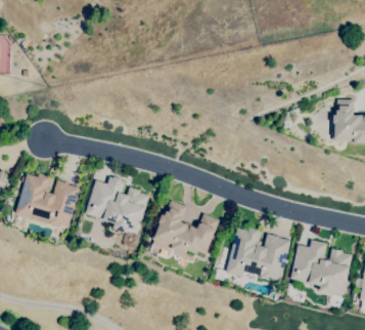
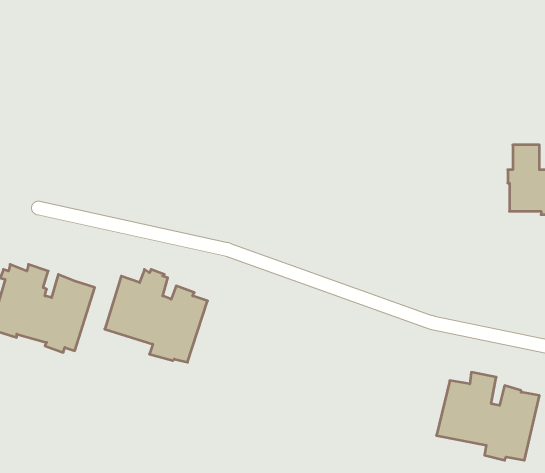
building: [152,201,220,254] -> none
building: [216,228,290,281] -> none

